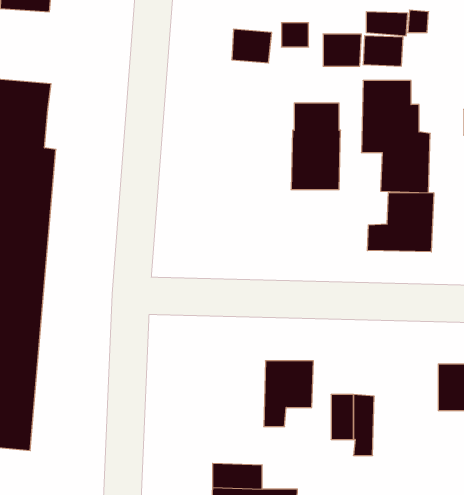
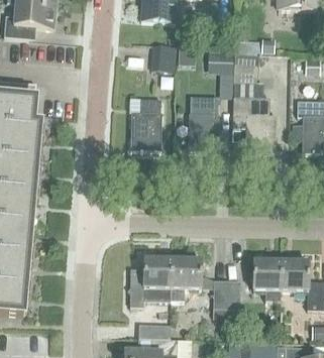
building: none -> [130,98,160,150]
building: [367,192,434,252] -> none
building: none -> [131,257,172,306]
building: none -> [253,259,281,300]

